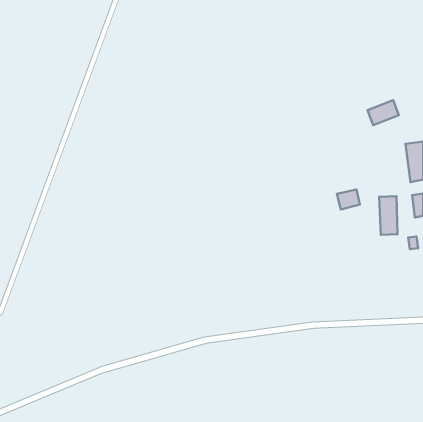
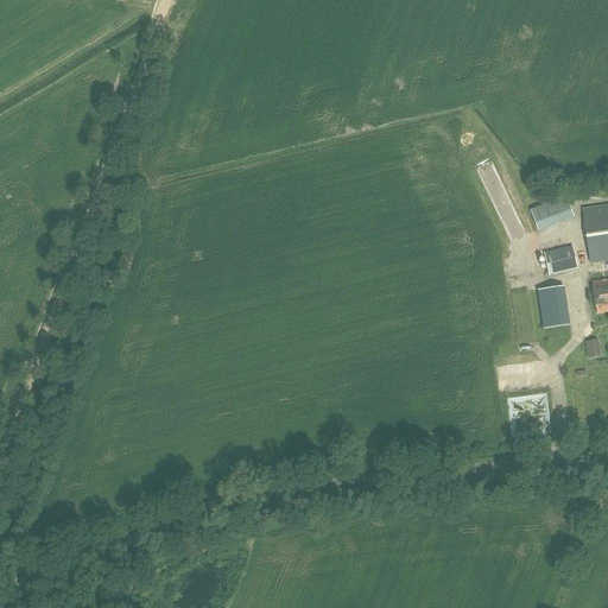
building: [367,100,399,125] -> [530,195,575,230]
building: [337,190,360,210] -> [544,246,577,274]

